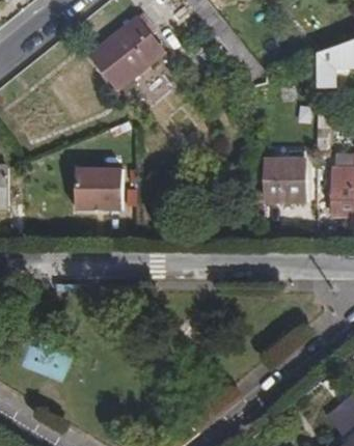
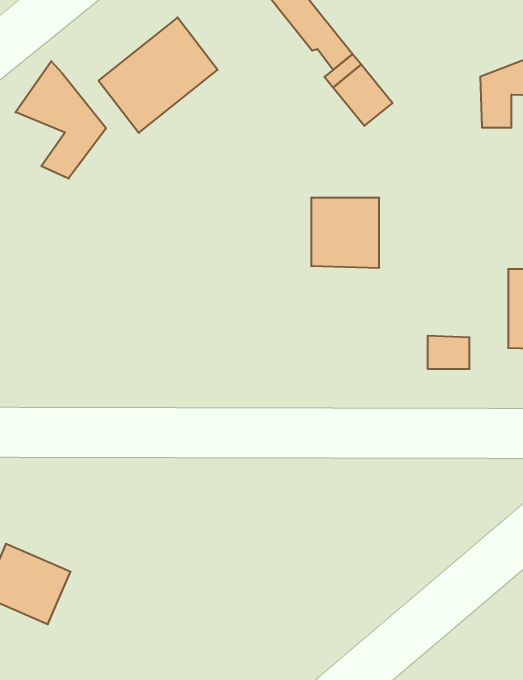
building: none -> [15,61,106,179]
building: [265,160,305,201] -> [311,198,379,268]
building: [75,168,121,210] -> none

